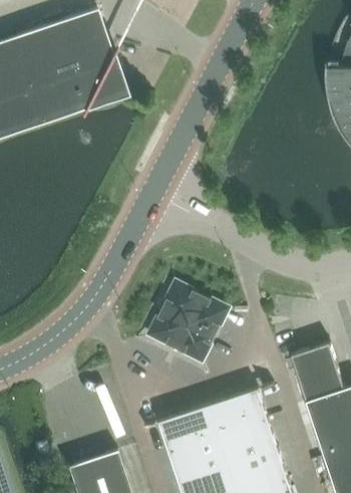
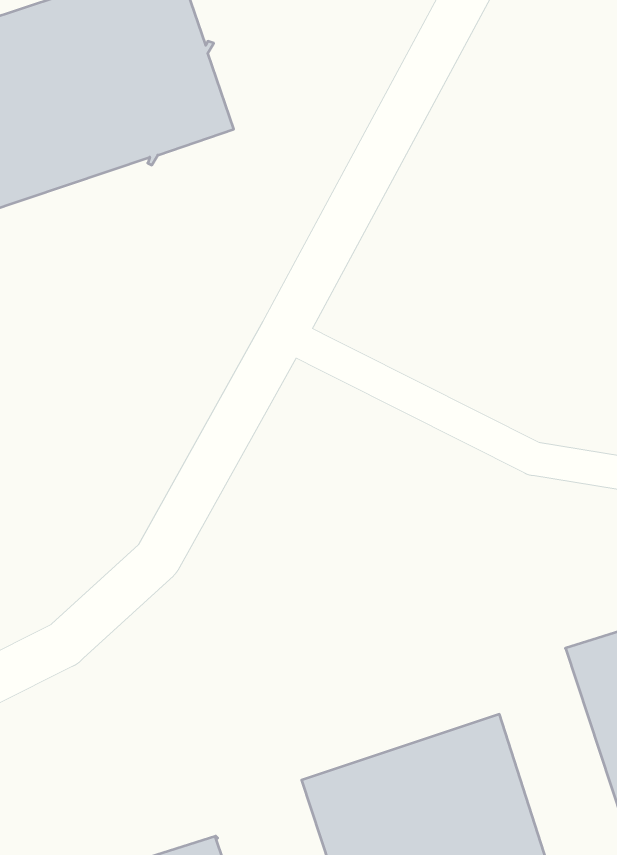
building: [149,283,227,361] -> none

